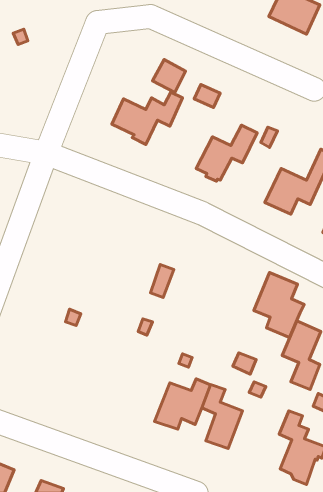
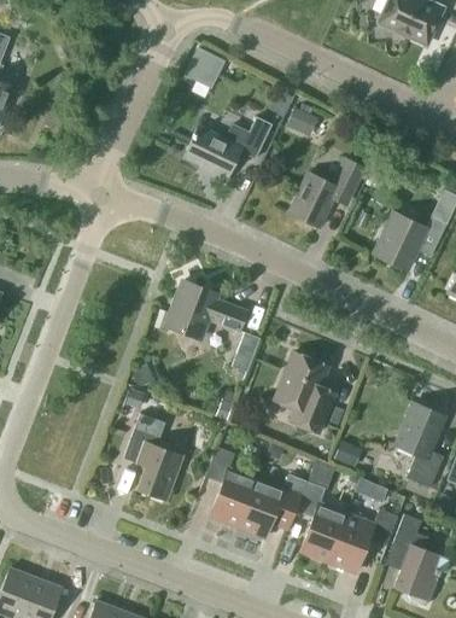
building: [153,59,186,92] -> [185,47,226,88]
building: none -> [165,281,247,338]
building: [254,273,304,338] -> [274,352,337,433]
building: none -> [123,413,182,500]
building: none -> [205,447,256,527]
building: none -> [328,509,397,572]

